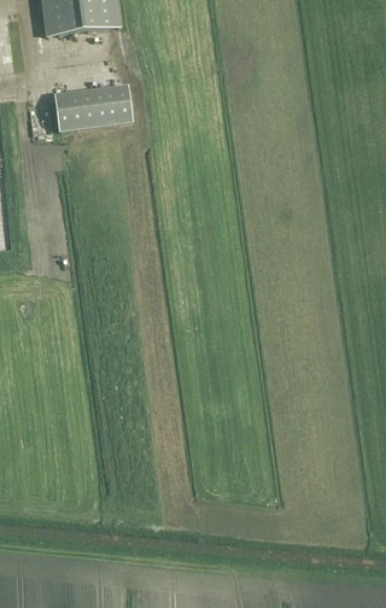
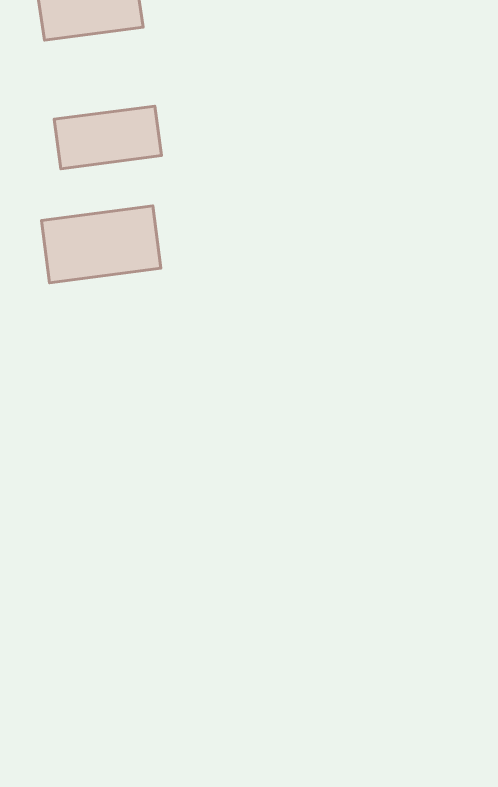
building: none -> [41,206,161,283]

